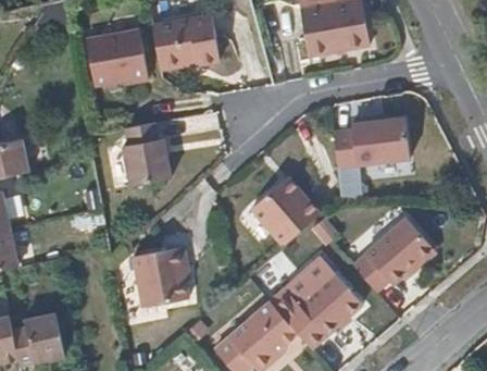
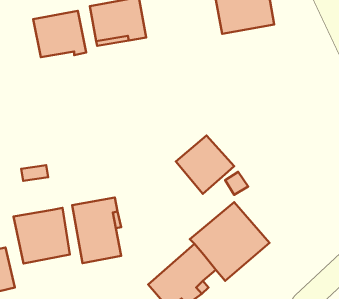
building: [333,119,410,168] -> none
building: [120,121,167,185] -> none
building: [353,217,436,290] -> none
building: none -> [14,208,70,263]

